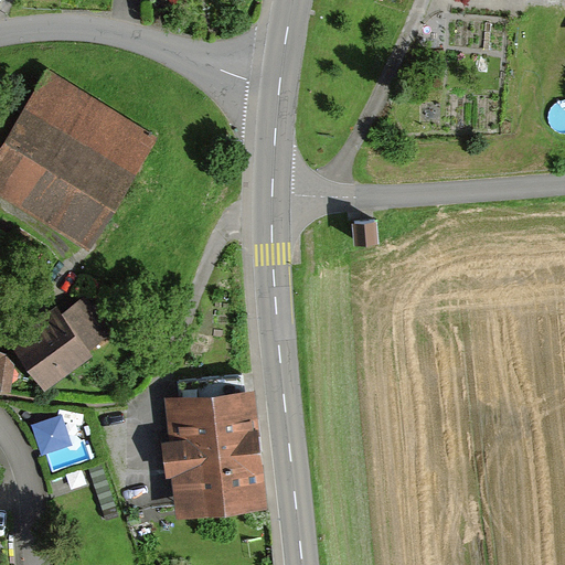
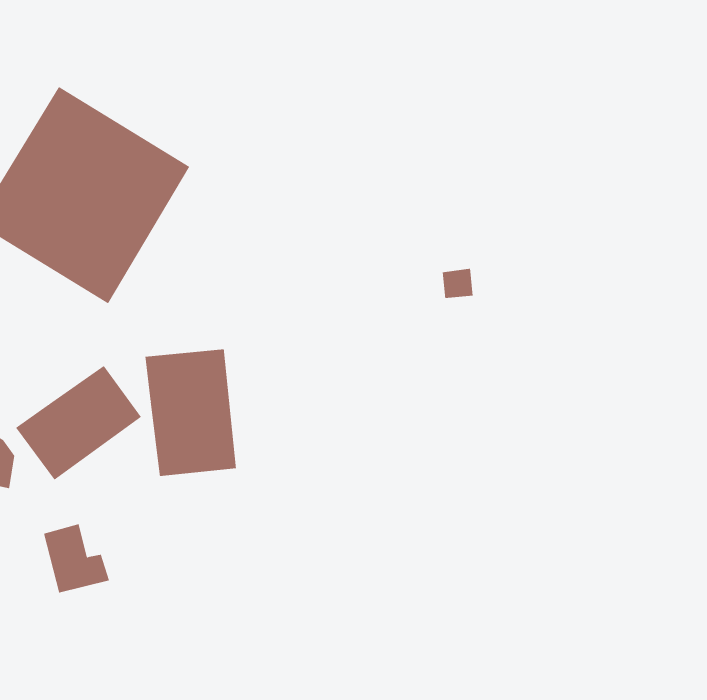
building: none -> [145,348,237,477]
building: [161,390,265,516] -> none

